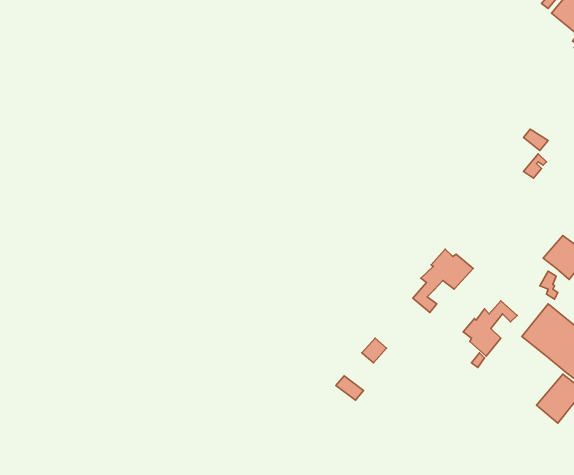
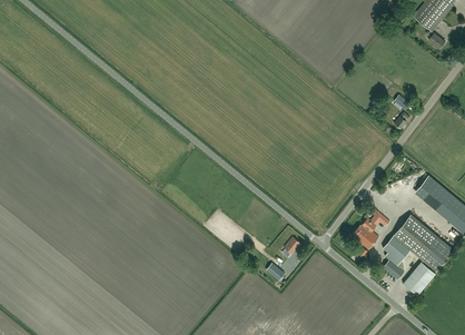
building: [413,249,473,313] -> none
building: none -> [382,236,409,278]

